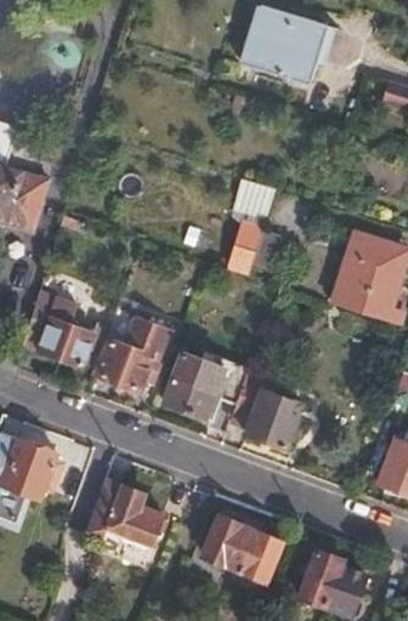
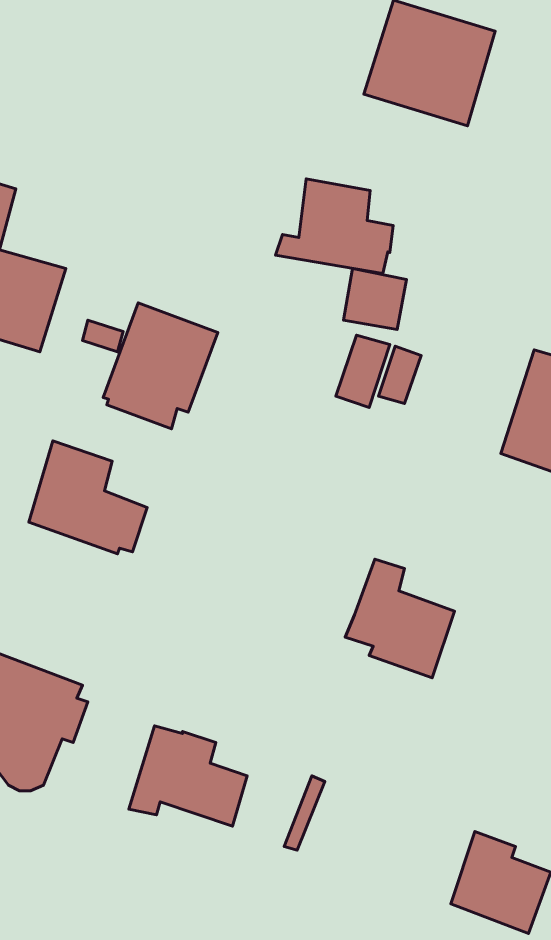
building: none -> [275,179,393,274]
building: [95,308,170,391] -> [103,303,218,429]
building: [165,353,250,420] -> none
building: [206,517,280,581] -> none

